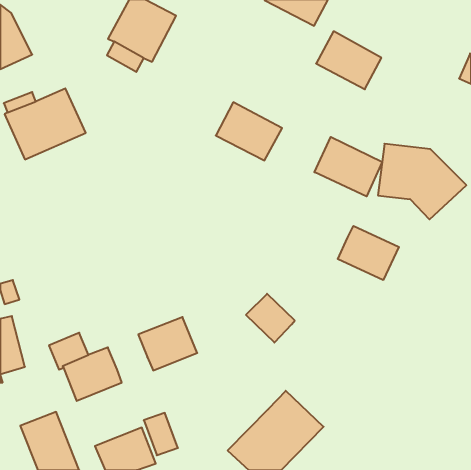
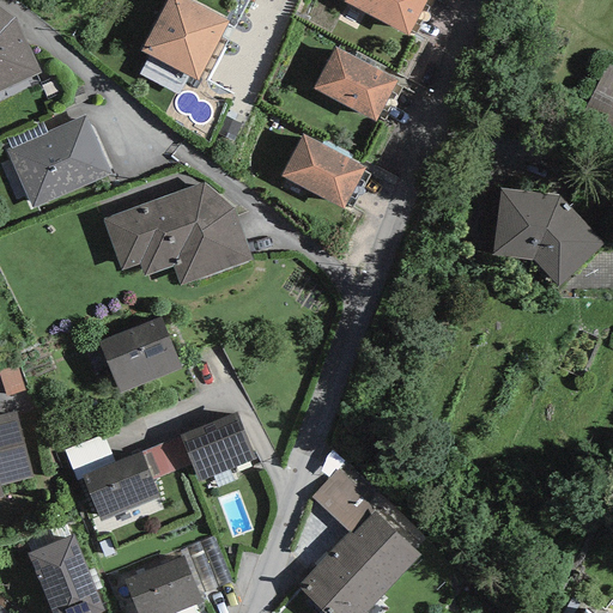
building: [316,31,381,89] -> [312,47,397,122]
building: [314,137,382,196] -> none
building: none -> [103,181,251,285]
building: [338,226,399,280] -> none
building: none -> [98,315,181,393]
building: [246,294,295,343] -> [311,468,375,532]
building: none -> [140,435,192,480]

